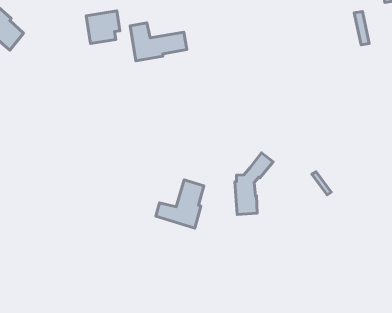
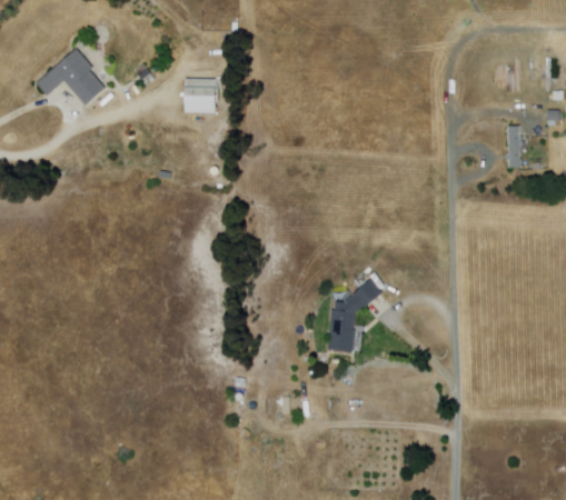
building: [130,23,187,61] -> none
building: [156,180,204,228] -> none

